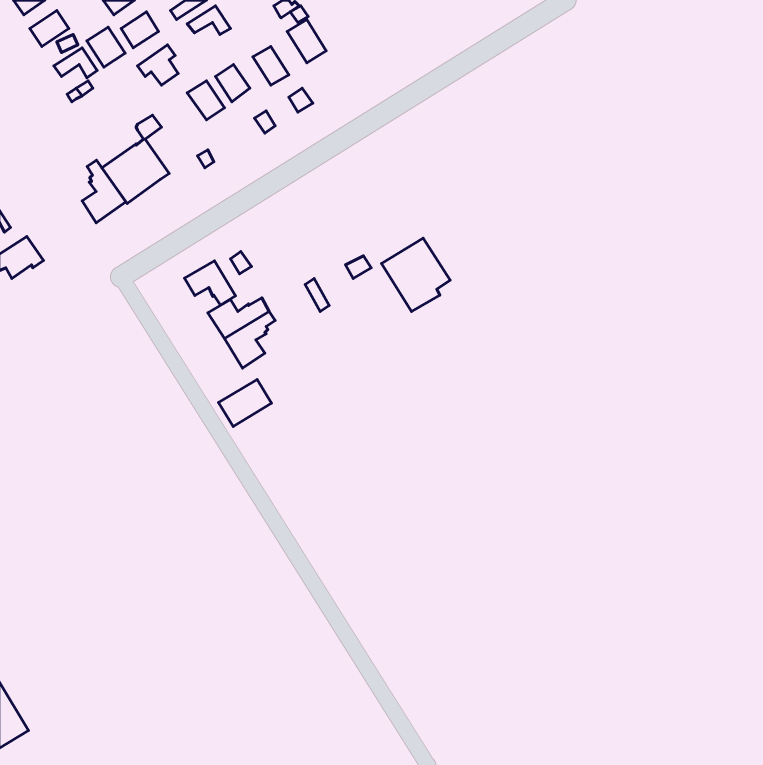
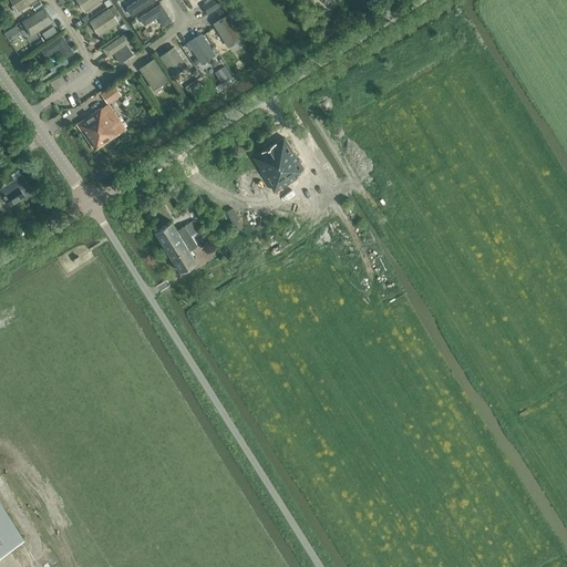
building: [87,27,125,67] -> none
building: [82,160,126,223] -> none
building: [381,238,450,312] -> [251,137,302,192]
building: [184,261,235,305] -> none
building: [219,379,271,426] -> none

